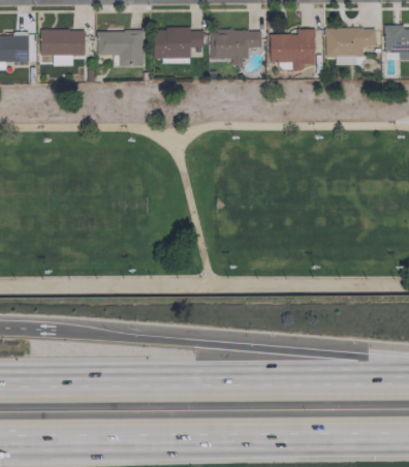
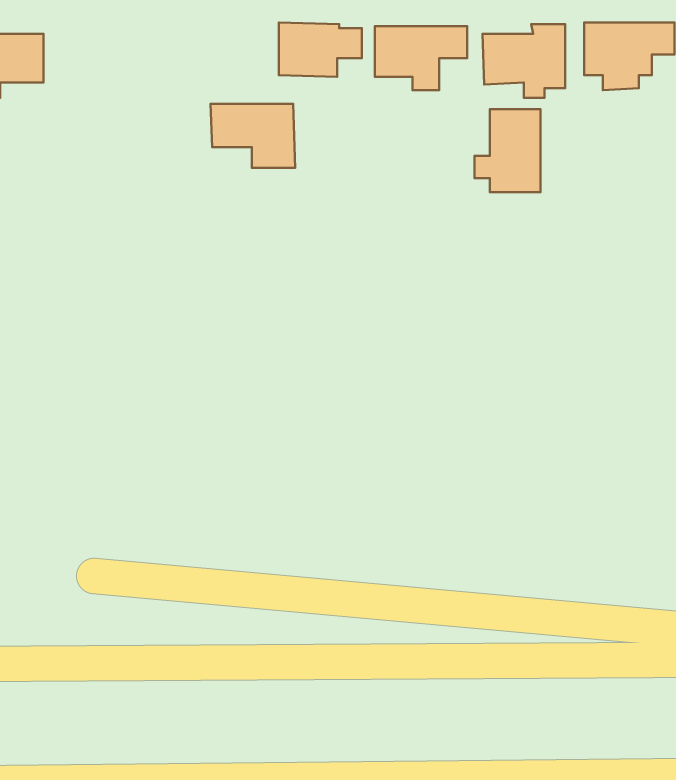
building: [40,30,85,66] -> none
building: [97,31,144,66] -> [210,104,295,168]
building: none -> [474,109,541,192]

